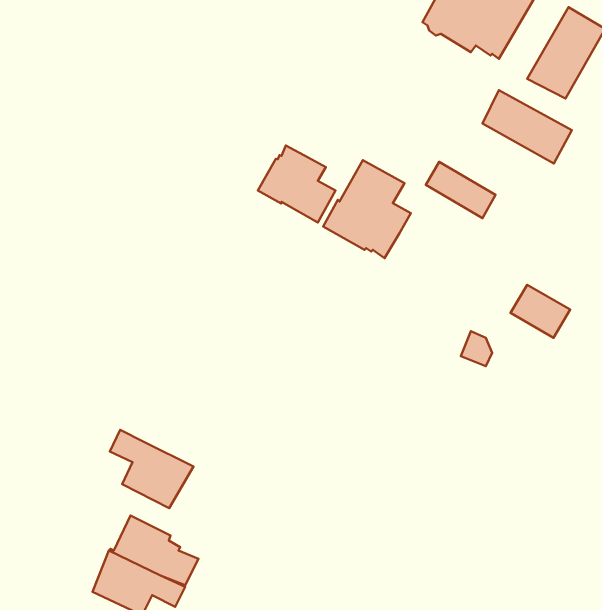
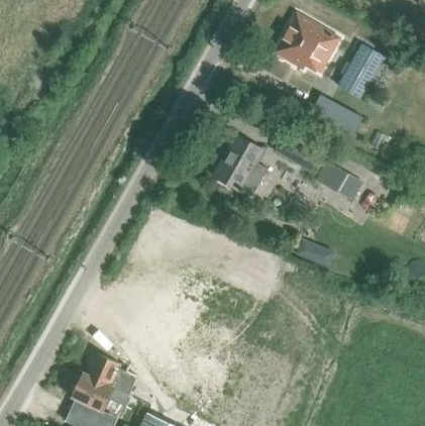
building: [258,146,336,222] -> none
building: [510,285,570,338] -> [321,166,357,198]
building: [110,430,193,508] -> none

